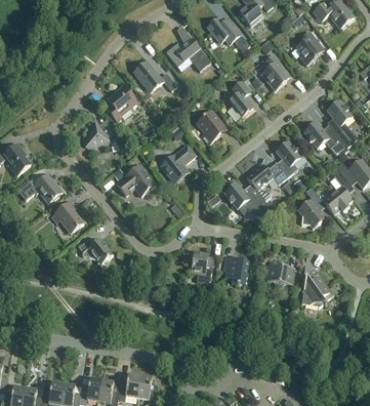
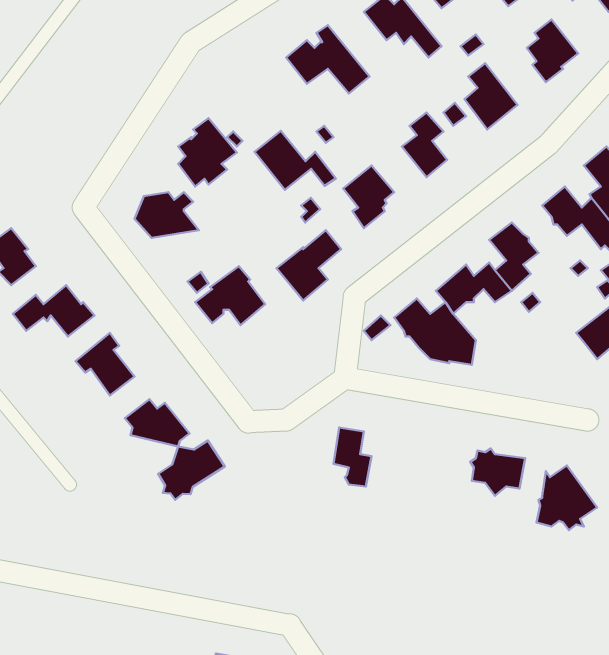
building: [132,60,176,92] -> [254,131,336,190]
building: [297,187,326,228] -> none
building: [223,256,249,285] -> none
building: none -> [158,440,225,500]

